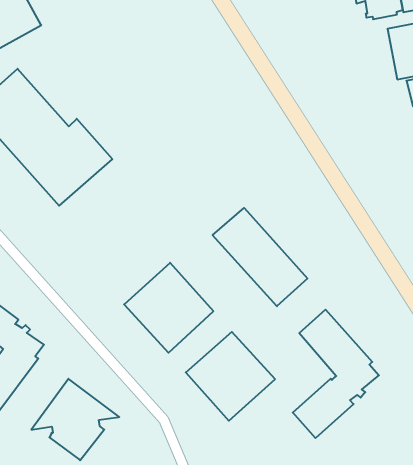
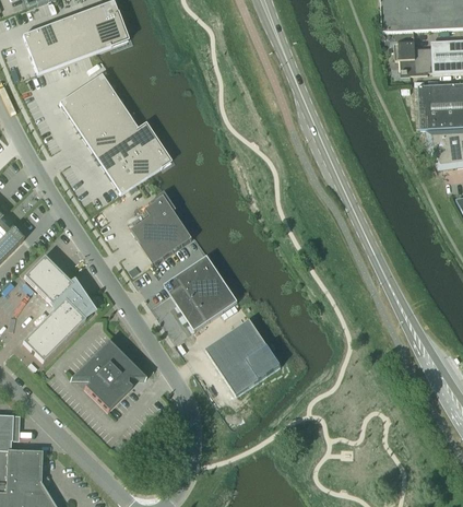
building: none -> [130,194,193,263]
building: [213,208,307,306] -> none
building: [293,310,379,438] -> none

